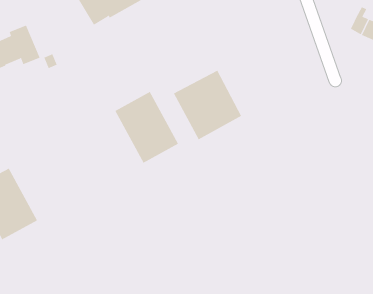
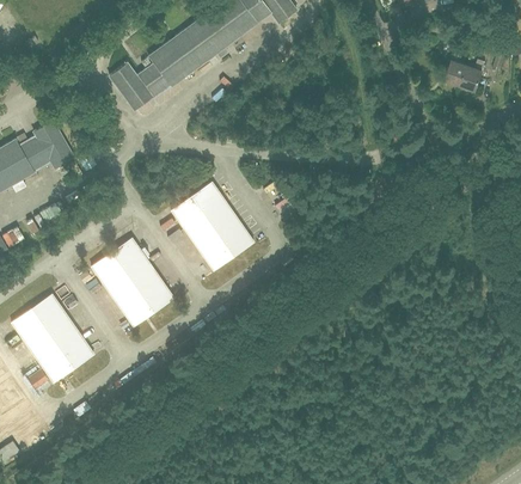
building: [173,70,242,140] -> none
building: none -> [91,238,173,327]

